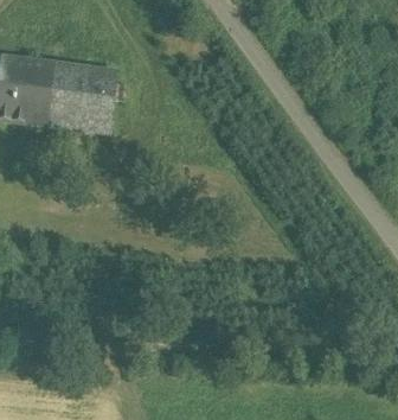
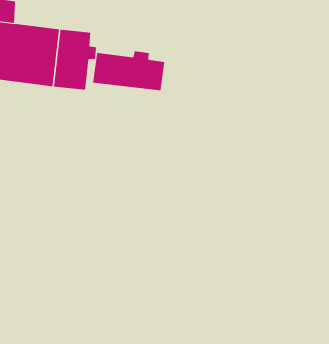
building: none -> [93,51,165,91]

